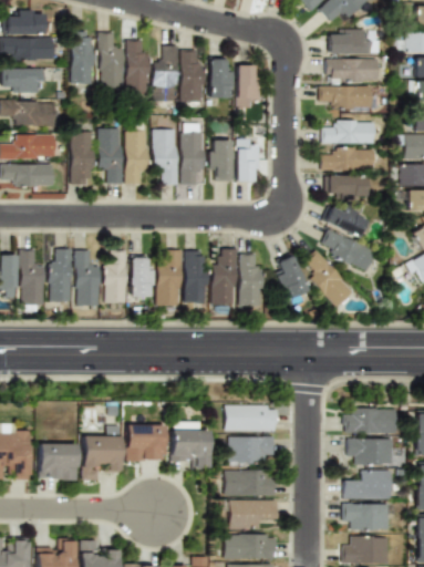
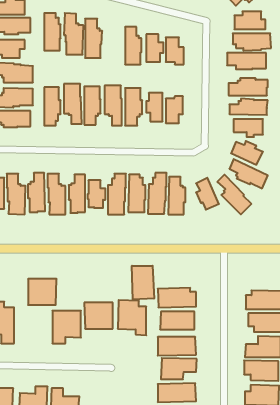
building: [153,45,178,101] -> none
building: none -> [132,266,154,299]
building: [39,443,77,478] -> [28,279,57,305]

